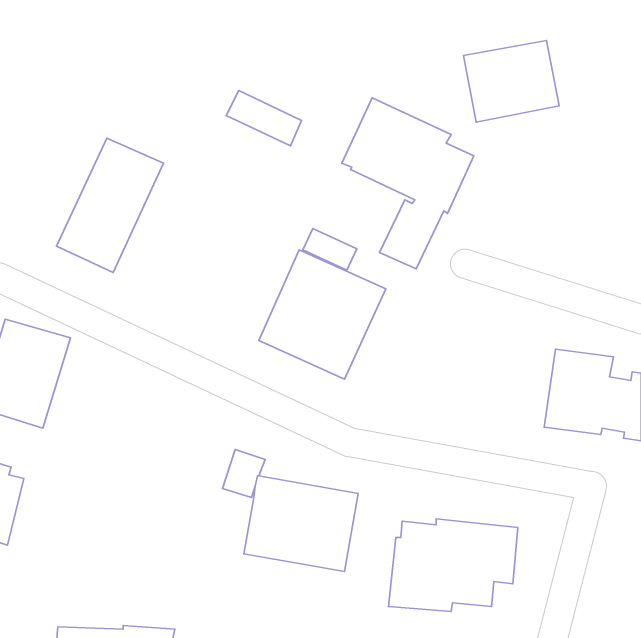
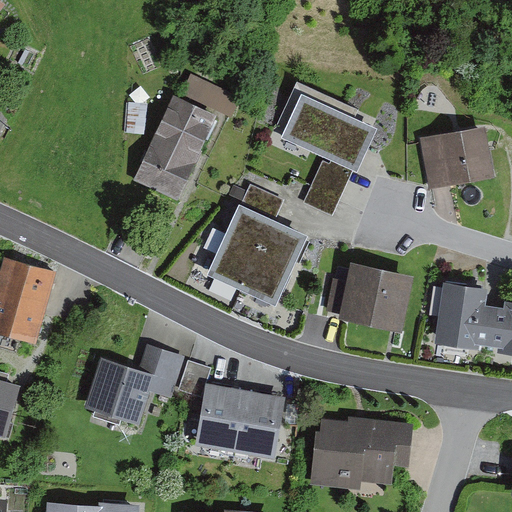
building: [464,41,559,122] -> [418,126,494,191]
building: [57,138,163,272] -> [132,96,217,203]
building: none -> [326,261,413,331]
building: none -> [83,346,184,427]

